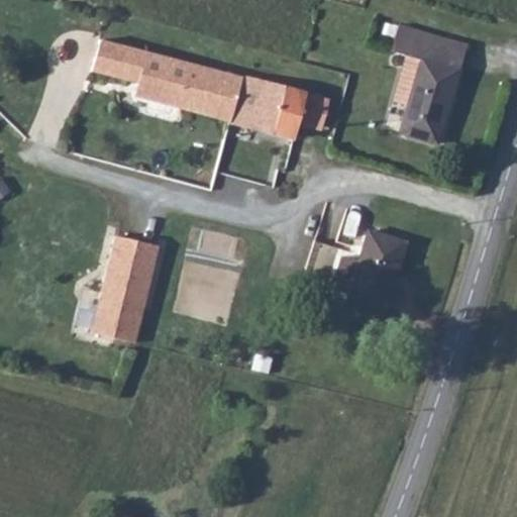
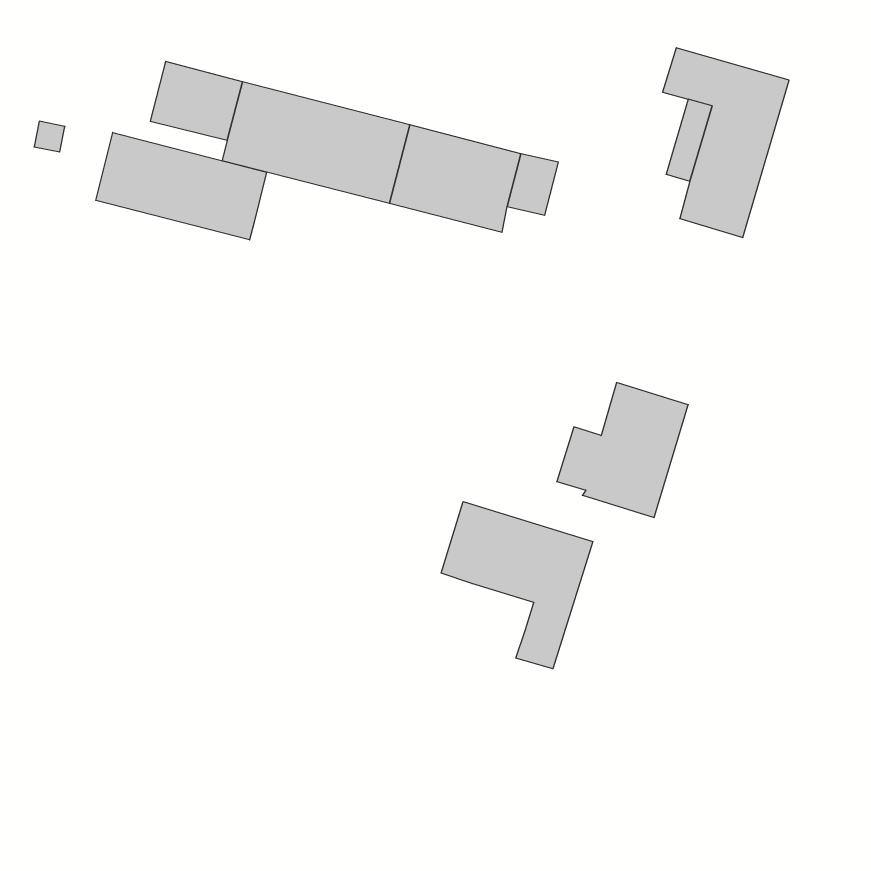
building: none -> [96,132,267,240]
building: [92,235,159,341] -> none
building: none -> [441,502,593,669]

